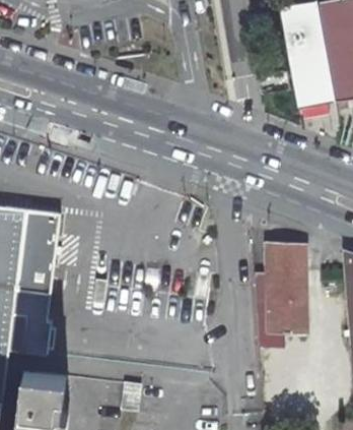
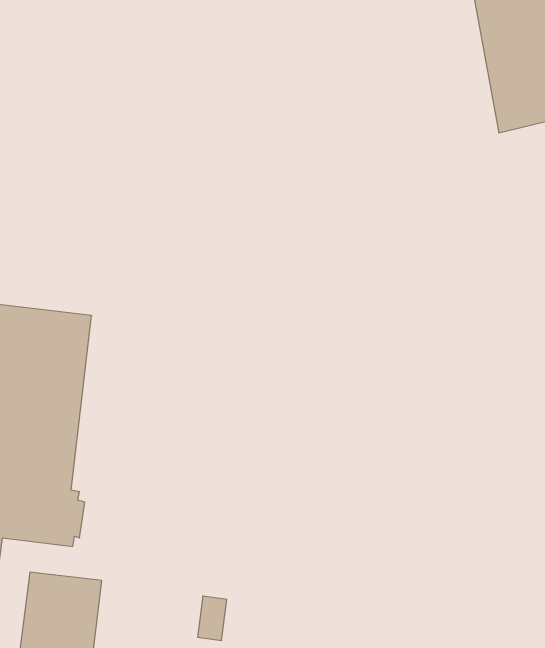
building: [267,245,305,332] -> none

